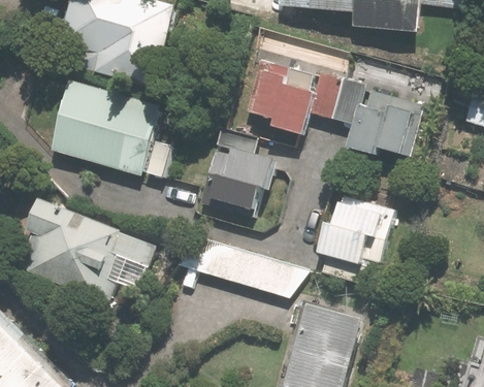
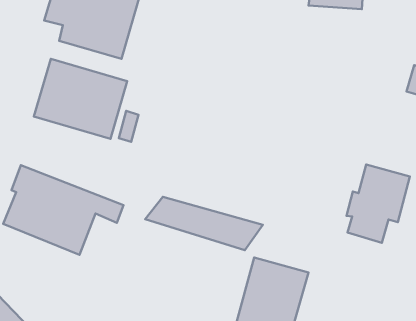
building: [249,61,421,156] -> none
building: [202,128,273,218] -> none
building: [321,197,391,284] -> [346,164,410,243]

